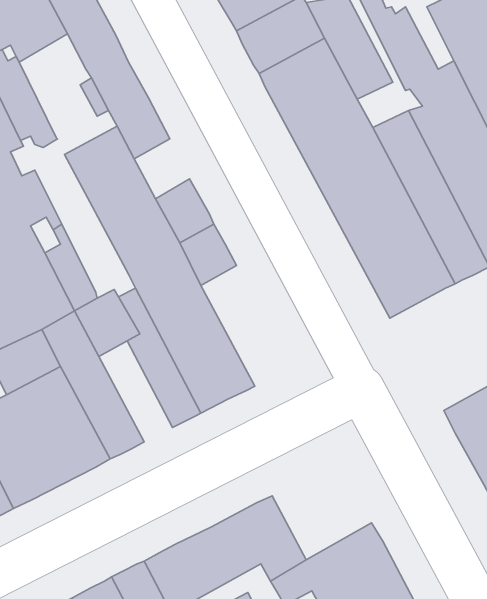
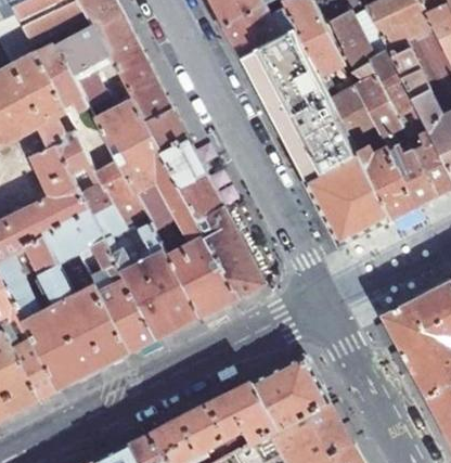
building: none -> [59,29,109,108]
building: none -> [146,110,189,155]
building: none -> [82,121,142,227]
building: none -> [197,206,266,298]
building: none -> [119,263,176,340]
building: none -> [252,356,327,430]

